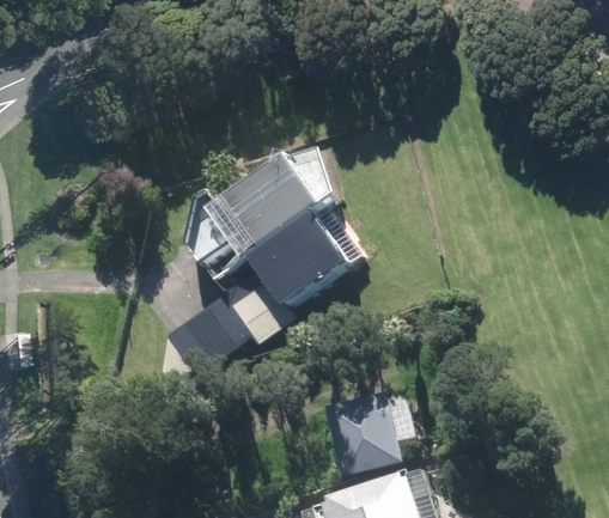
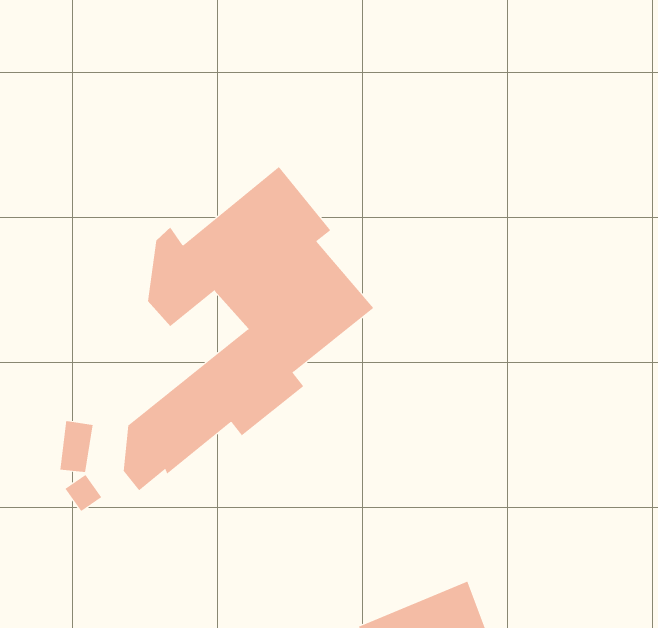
building: [330,392,418,476] -> none

